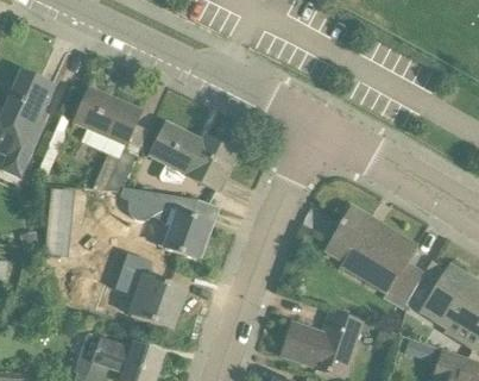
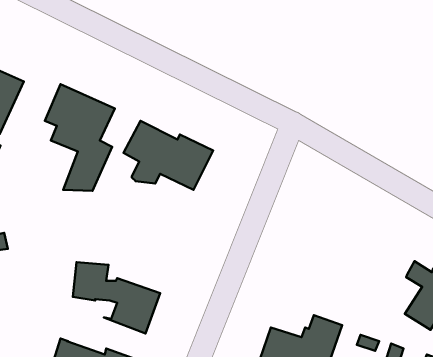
building: [121,185,212,258] -> none
building: [44,187,76,256] -> none
building: [327,205,426,302] -> none

